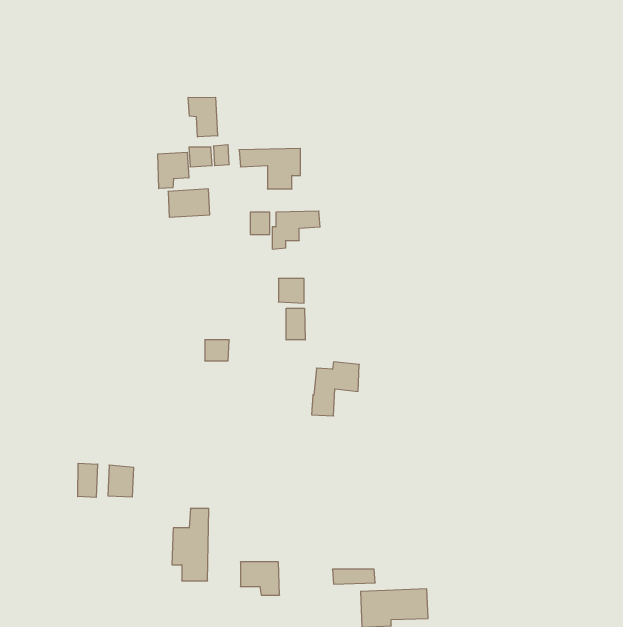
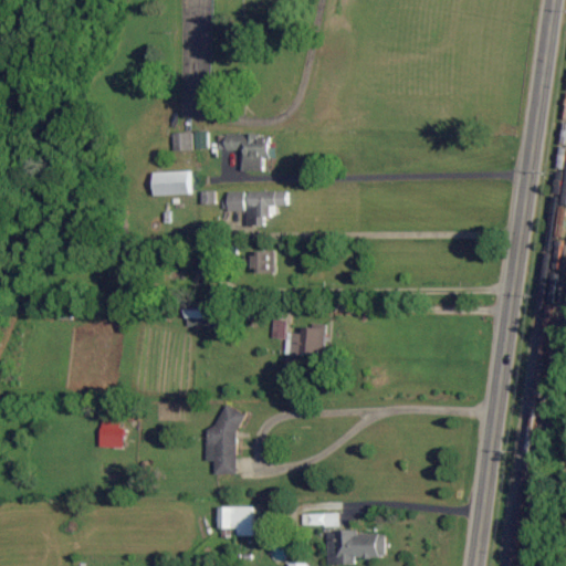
building: [188,97,218,137] -> none
building: [158,152,189,189] -> none
building: [286,308,305,340] -> none
building: [78,463,98,497] -> none
building: [172,508,209,581] -> [203,409,237,474]

